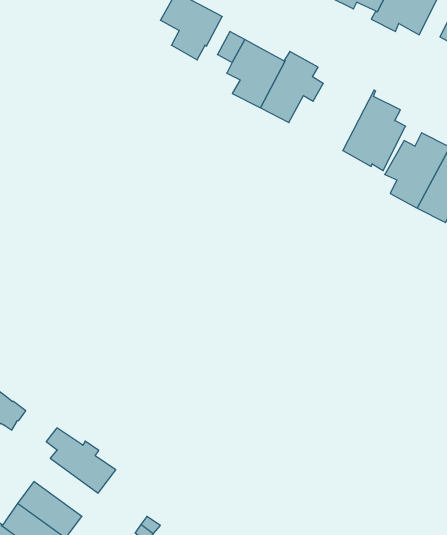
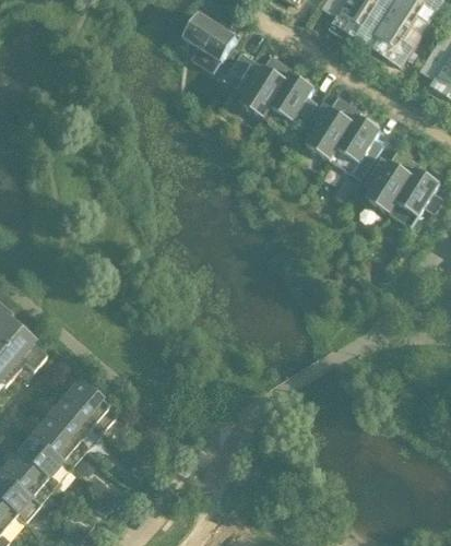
building: none -> [304,94,359,157]
building: none -> [46,397,99,449]

